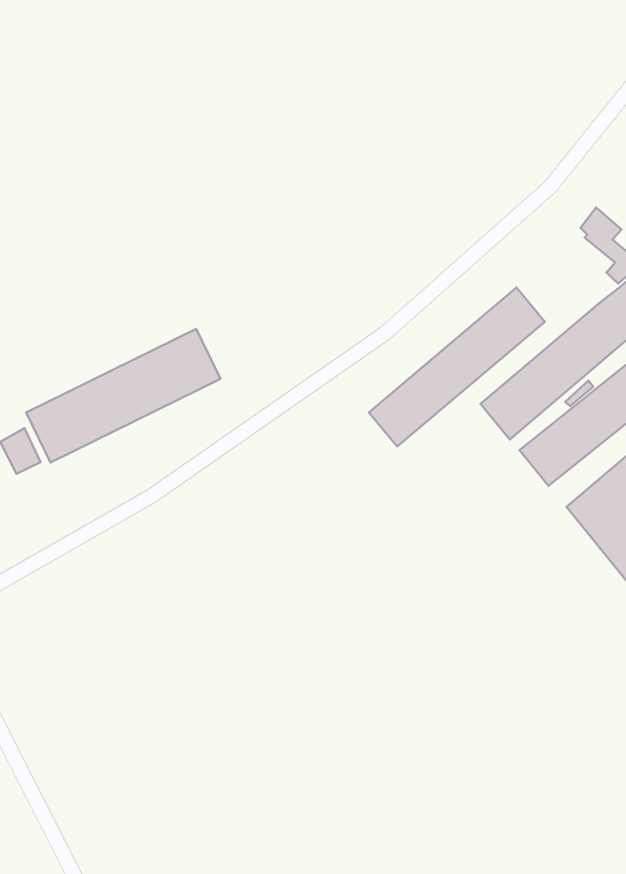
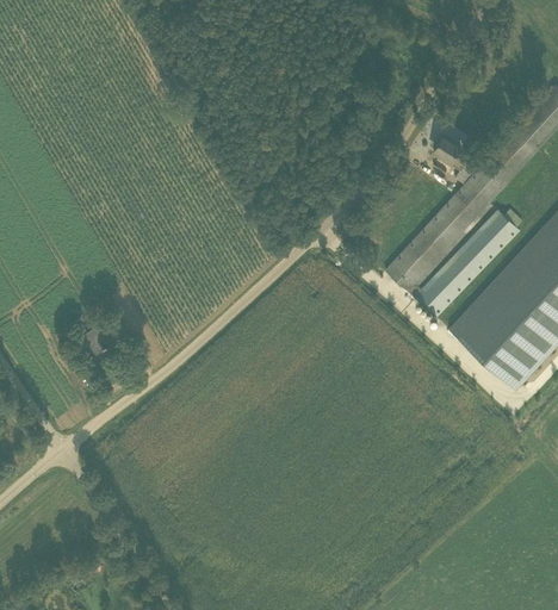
building: [369,288,545,447] -> none
building: [26,329,221,462] -> none

